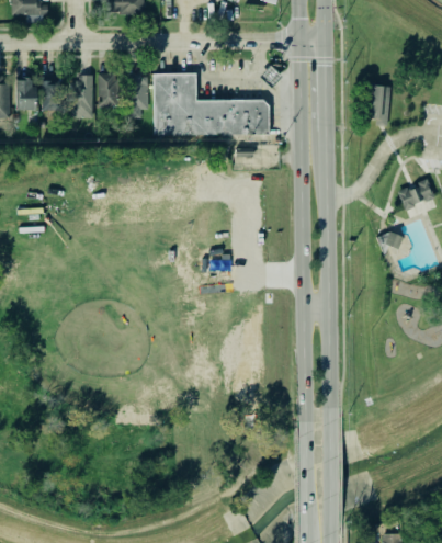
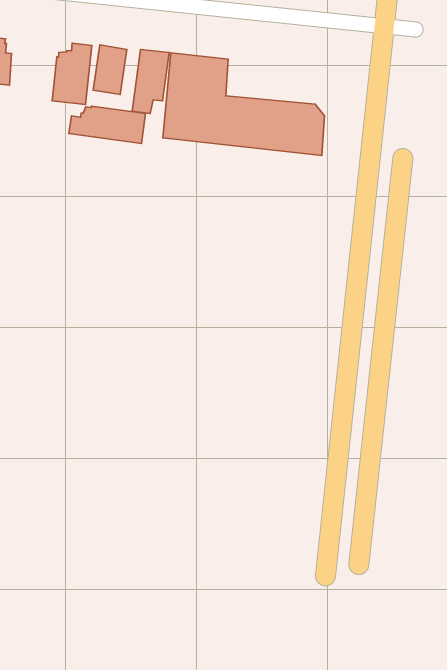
building: [43,81,61,111] -> none
building: none -> [69,106,145,143]

